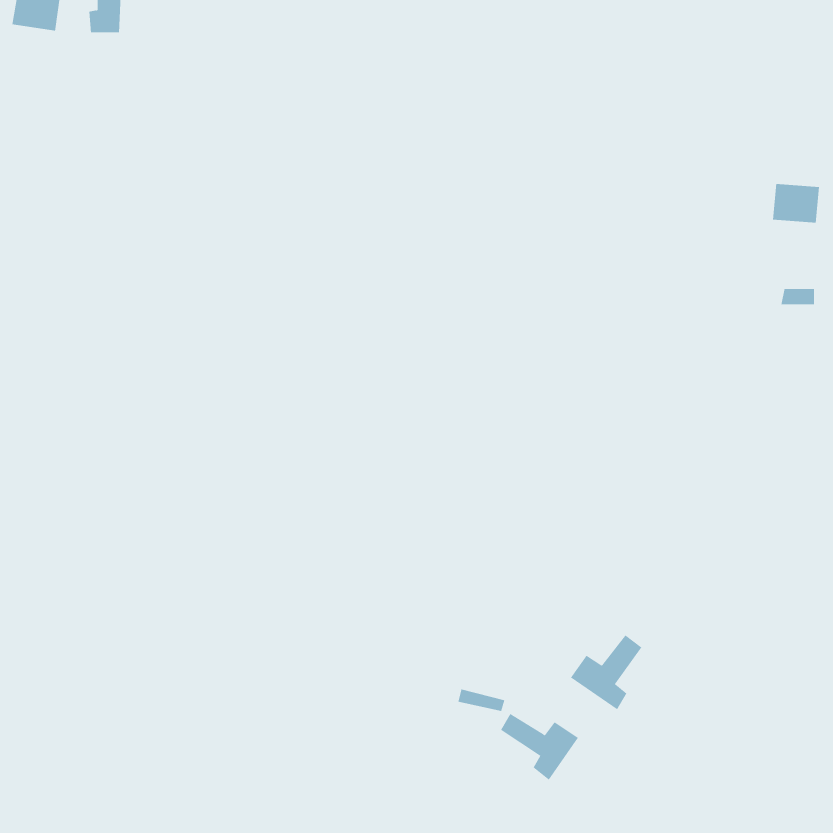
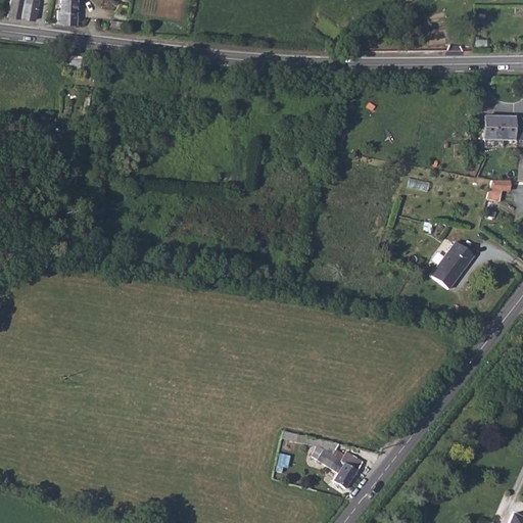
building: none -> [431,241,475,288]
building: [570,634,642,710] -> none

